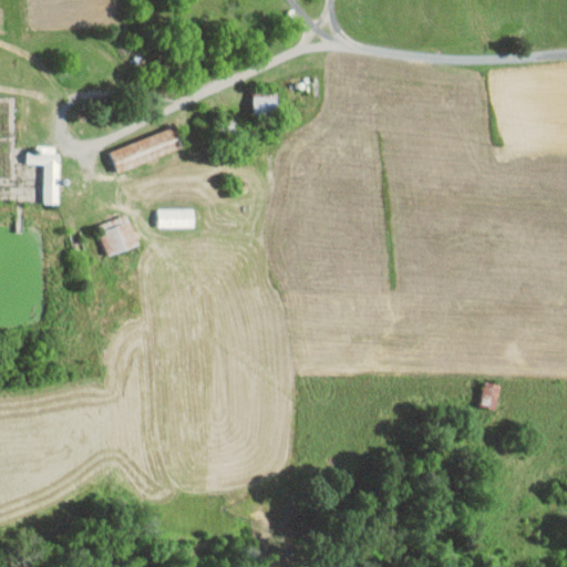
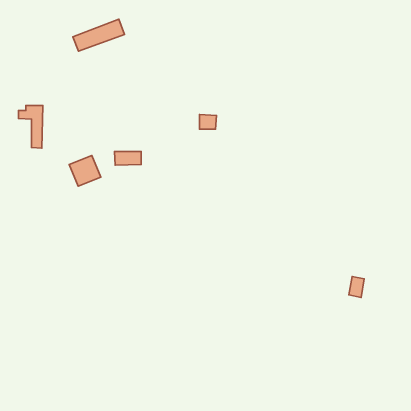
building: [252,96,276,116] -> [199,115,216,129]
building: [110,127,181,172] -> [73,19,124,51]

